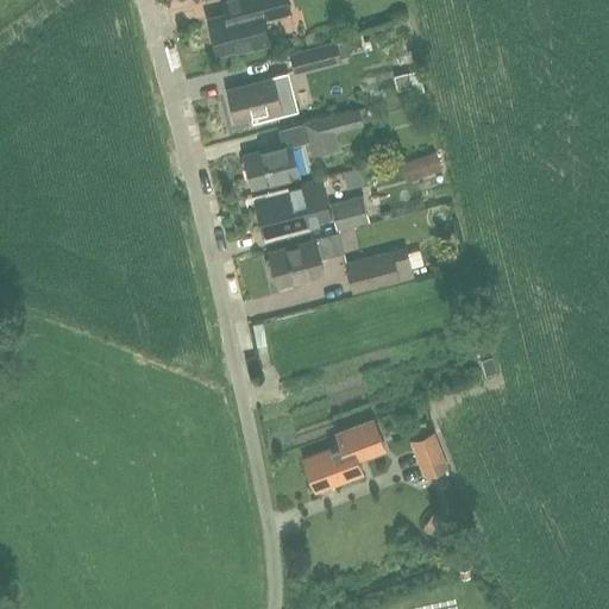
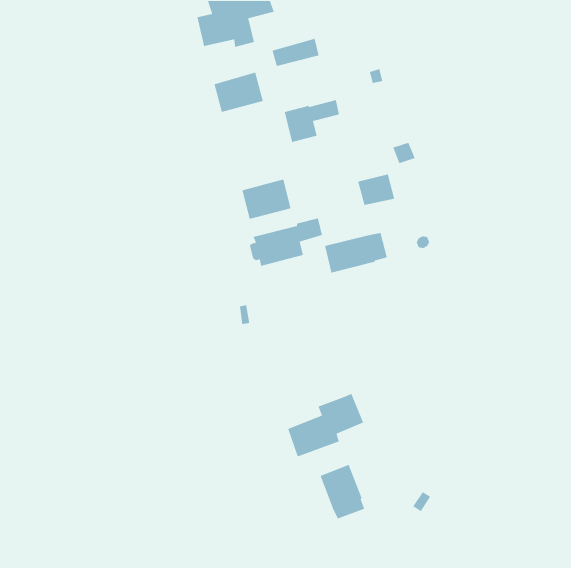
building: [244,145,299,188] -> none
building: [329,196,370,231] -> [357,173,395,206]
building: [409,433,447,478] -> none
building: none -> [319,464,365,519]

